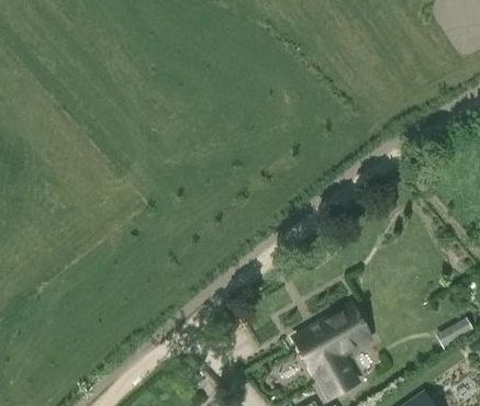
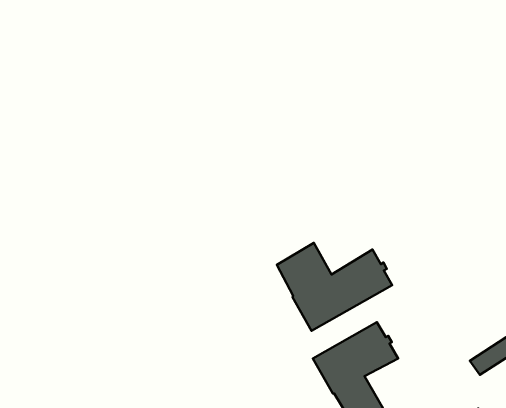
building: none -> [277,243,392,331]

